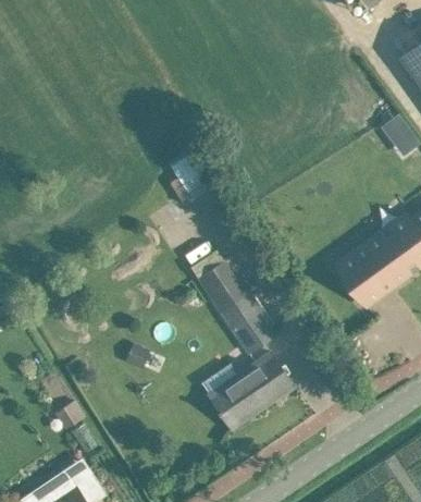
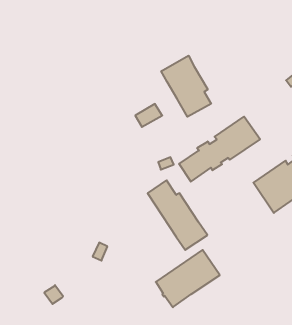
building: none -> [161,56,211,117]
building: none -> [179,117,260,182]

